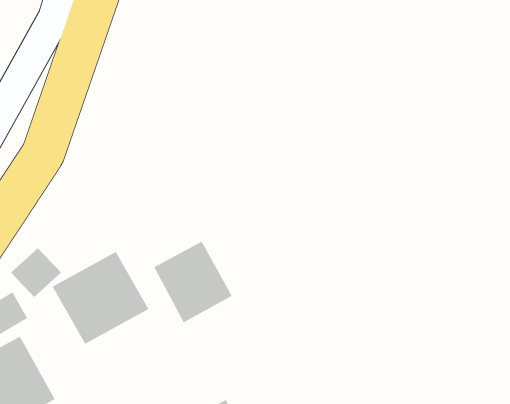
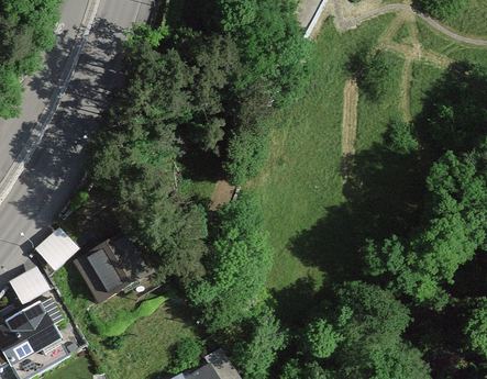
building: [153,241,232,323] -> none

